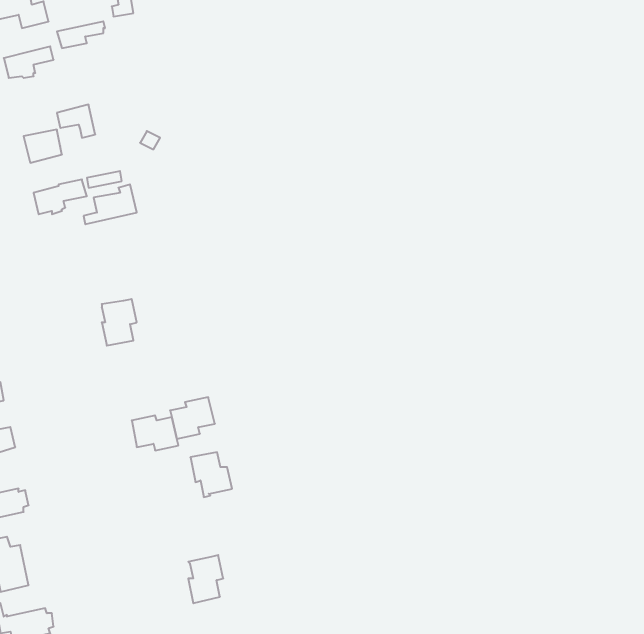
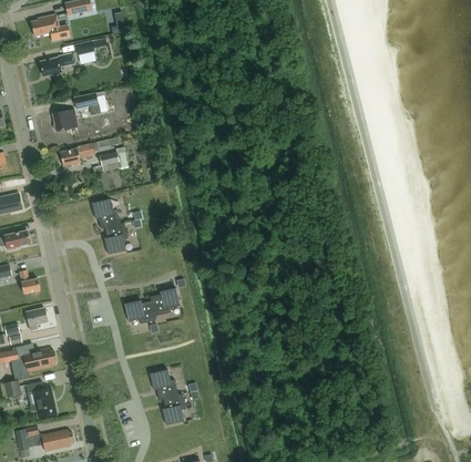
building: none -> [92,199,120,229]
building: [190,452,232,497] -> [151,370,178,400]

